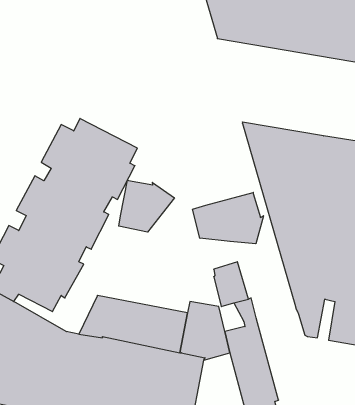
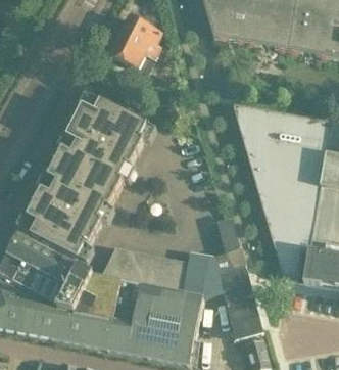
building: none -> [109,19,159,73]
building: [119,180,174,232] -> none
building: [192,192,263,244] -> none

